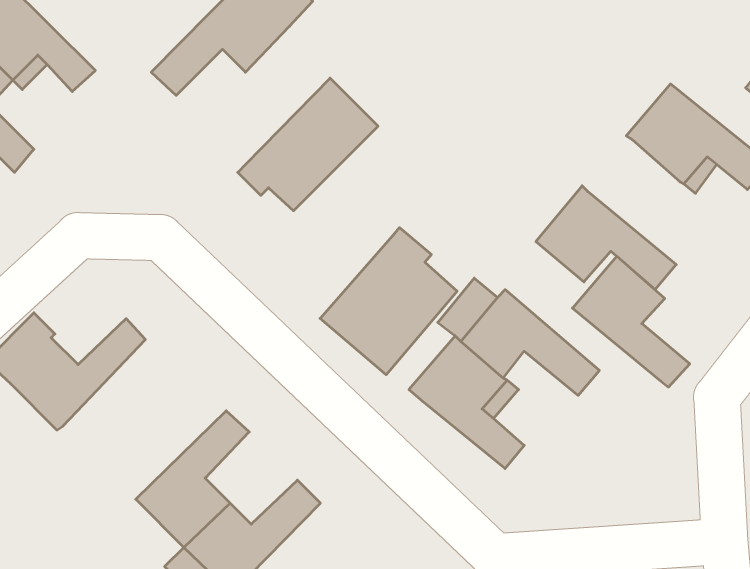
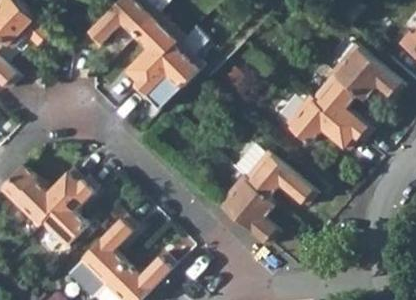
building: none -> [123,14,180,86]
building: [320,228,457,375] -> none
building: [572,256,690,387] -> [310,73,371,141]
building: none -> [37,173,95,246]

